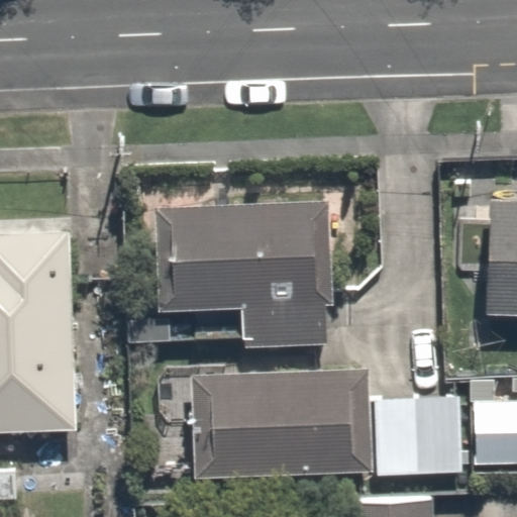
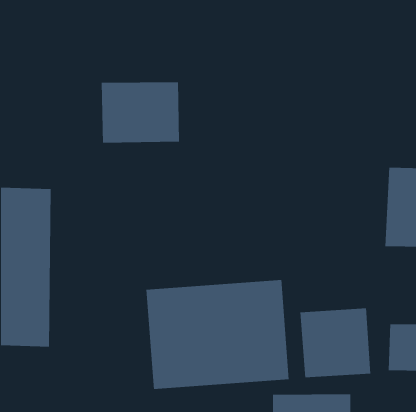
building: none -> [101,82,180,143]
building: [167,201,324,355] -> none

